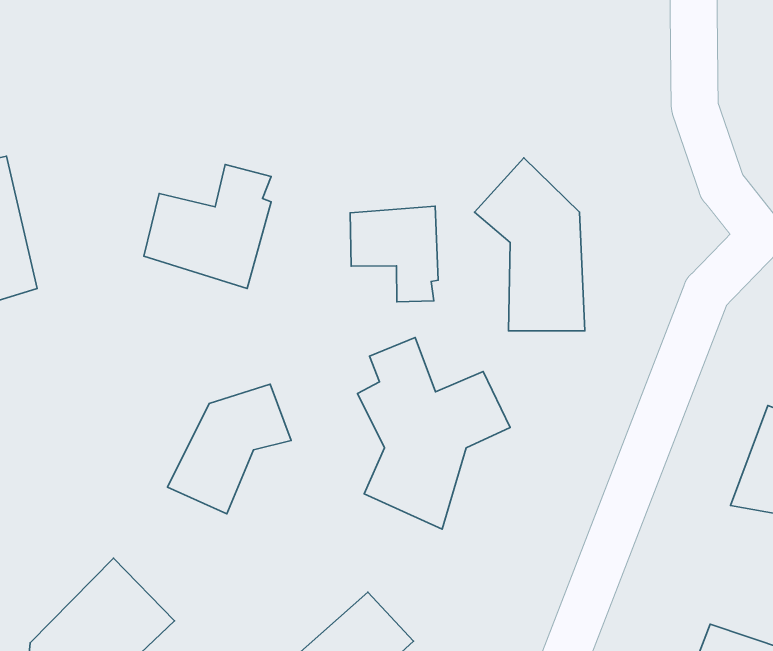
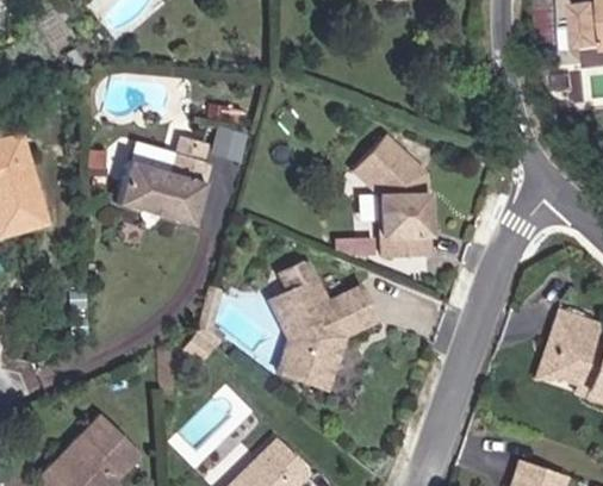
building: [350,206,438,302] -> none
building: [167,384,291,514] -> none

